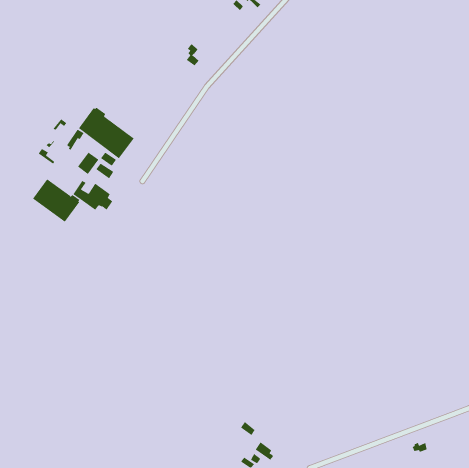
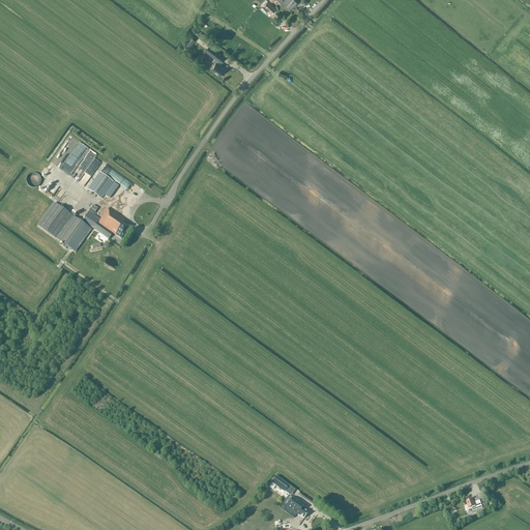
building: [78,107,134,159] -> none

